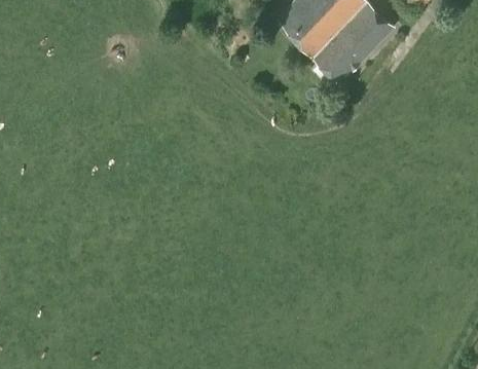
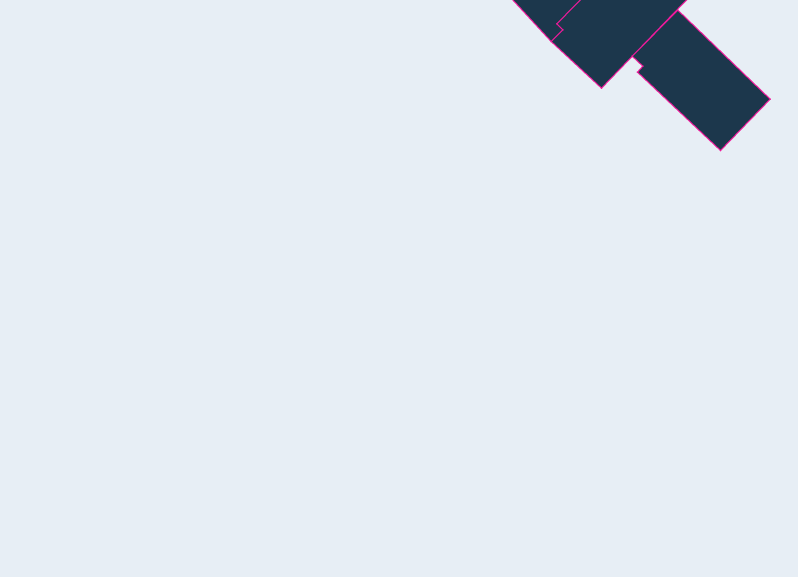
building: none -> [632,10,770,151]

